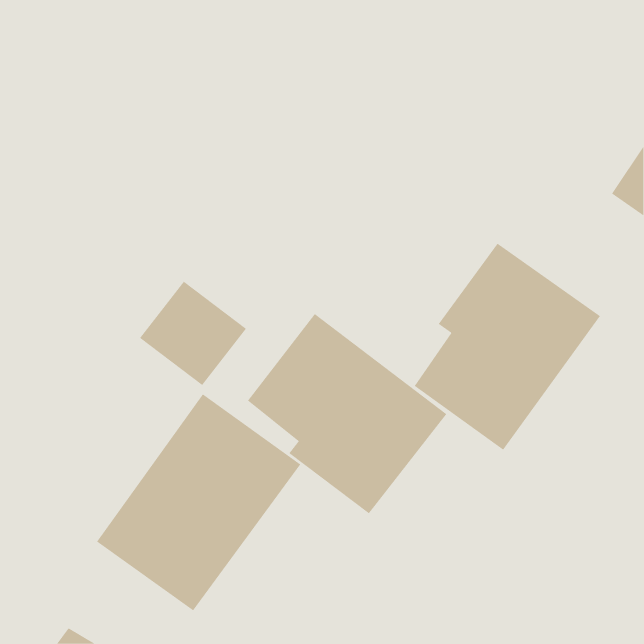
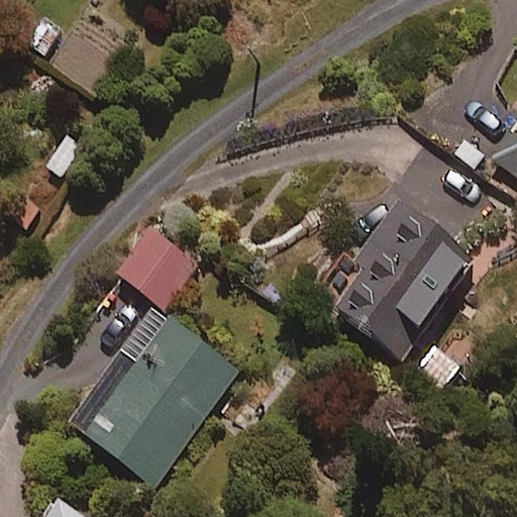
building: [247,313,447,514] -> none

